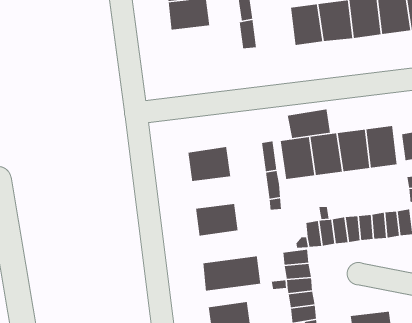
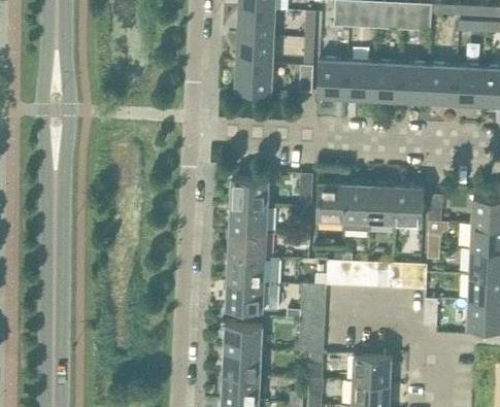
building: none -> [316,60,348,98]
building: none -> [234,64,272,94]
building: [287,109,331,139] -> none
building: none -> [229,206,267,233]
building: none -> [227,258,279,284]

